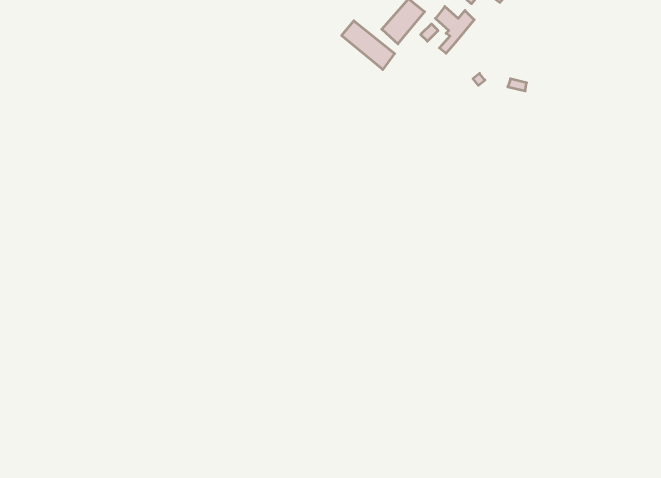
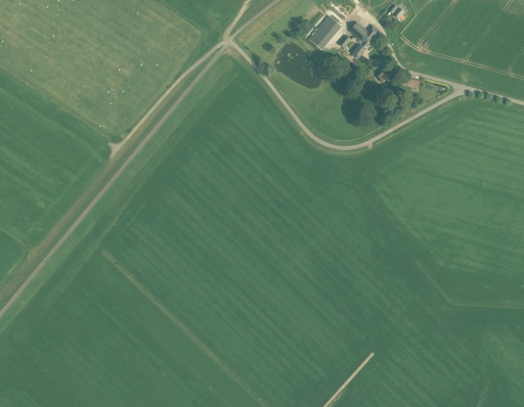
building: [342,21,395,70] -> none

